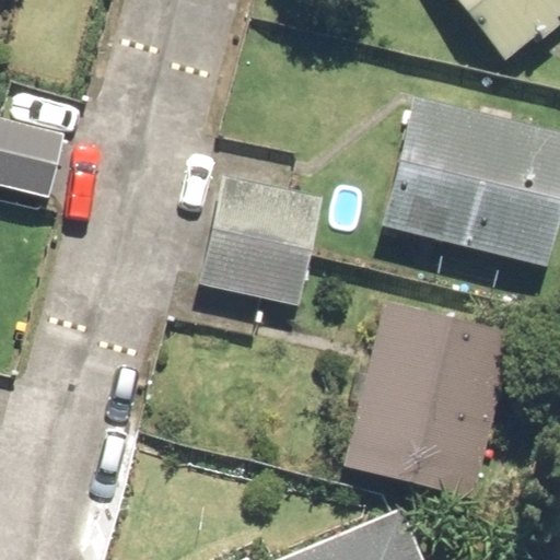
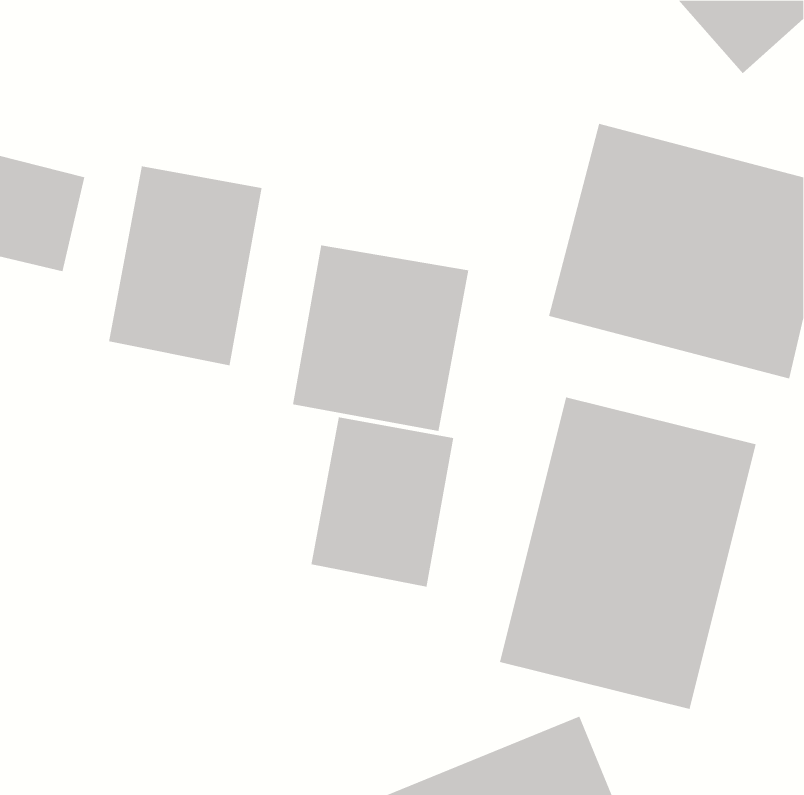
building: none -> [109,165,262,366]
building: none -> [311,417,454,588]

